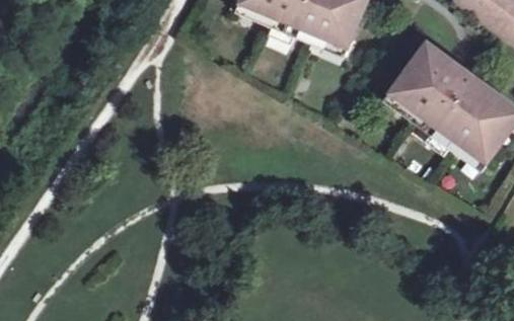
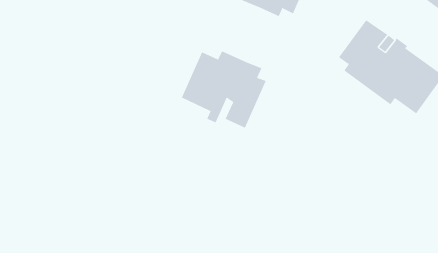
building: none -> [181,50,266,128]

